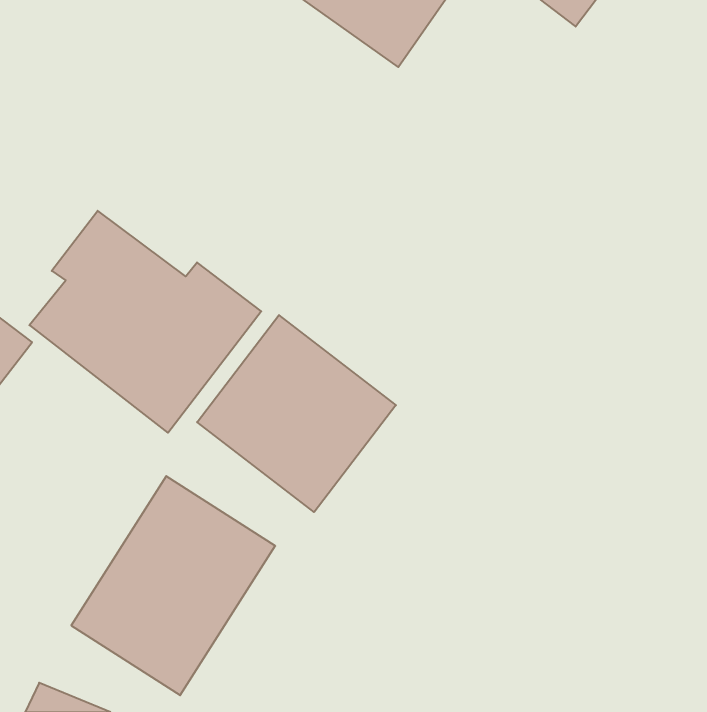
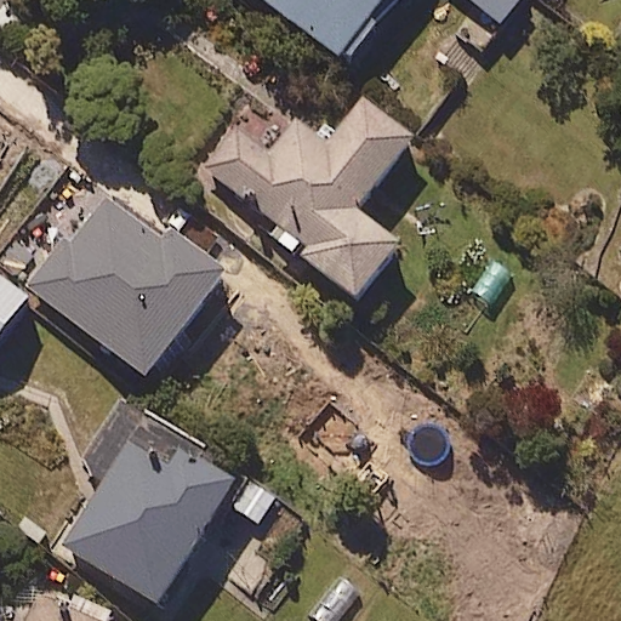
building: none -> [200,92,410,298]
building: [197,315,396,512] -> none

